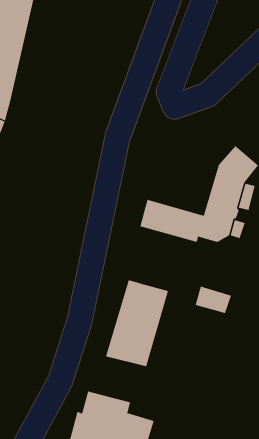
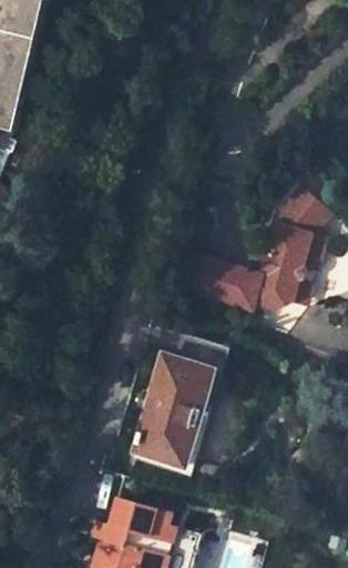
building: [195,286,232,314] -> [182,335,228,371]

